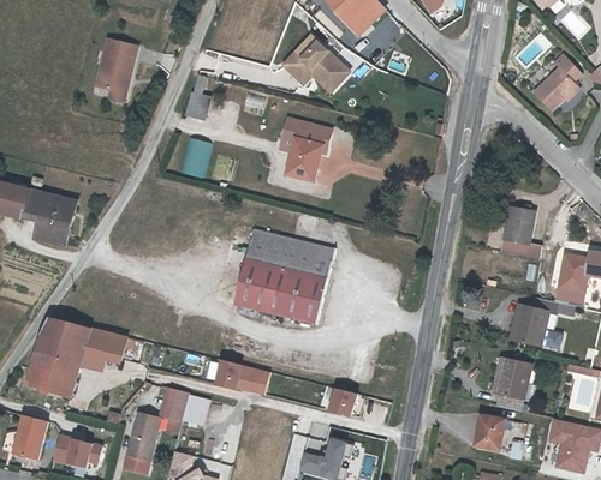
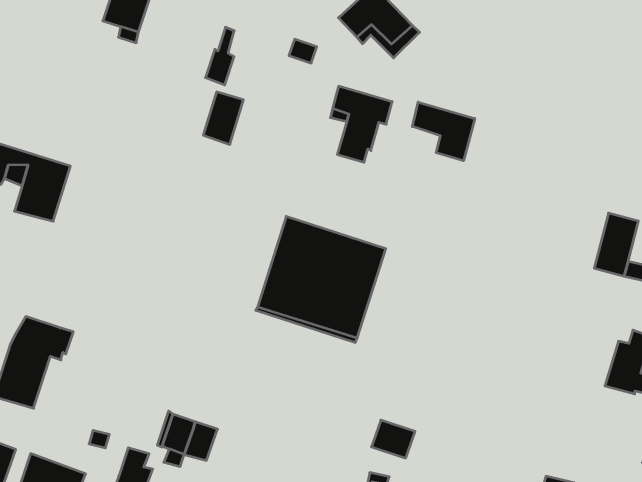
building: none -> [412,102,475,161]
building: [61,329,126,394] -> none
building: [219,356,273,389] -> none
building: [493,362,532,415] -> none

